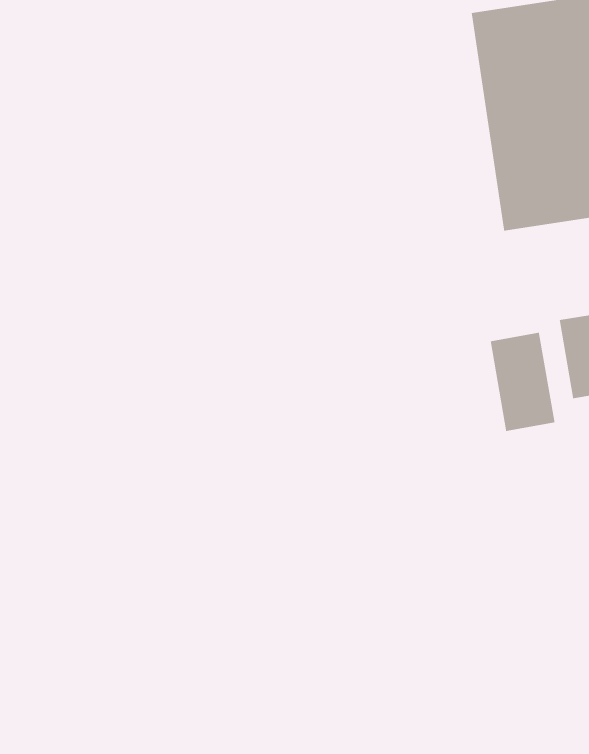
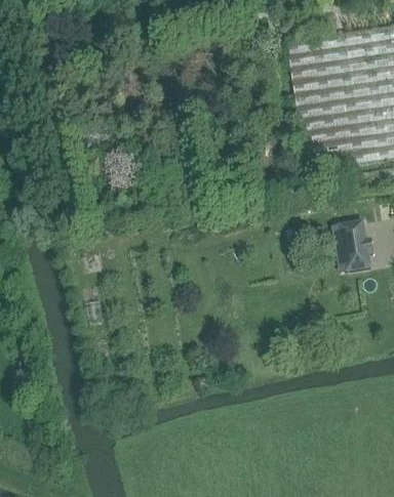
building: [490,332,556,432] -> none

